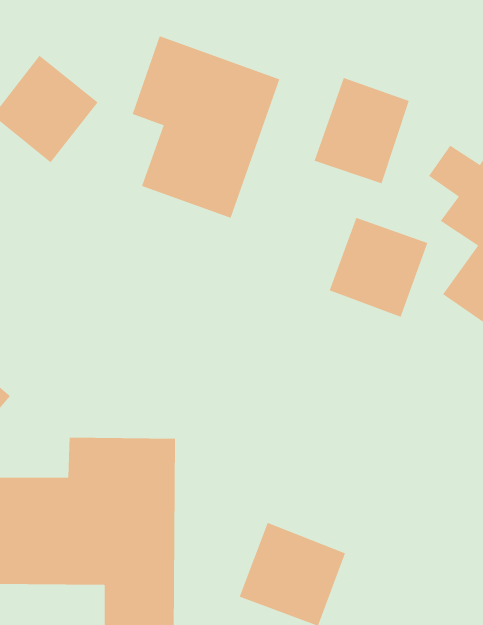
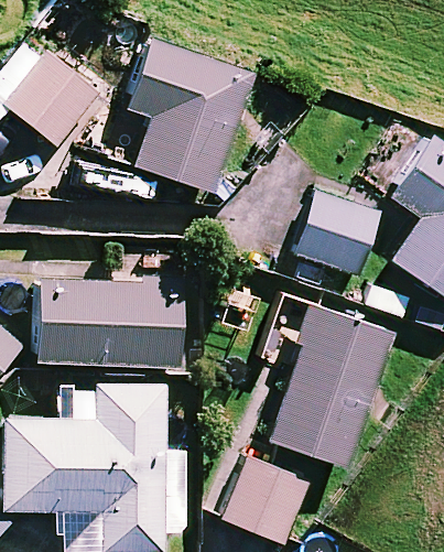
building: [314,77,410,184] -> none
building: none -> [40,258,184,367]
building: none -> [270,306,394,467]

